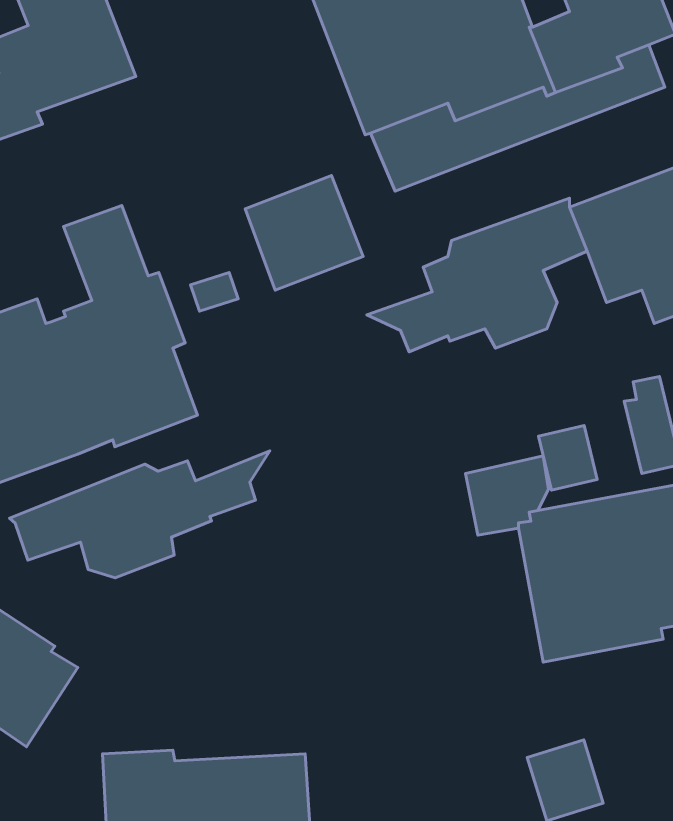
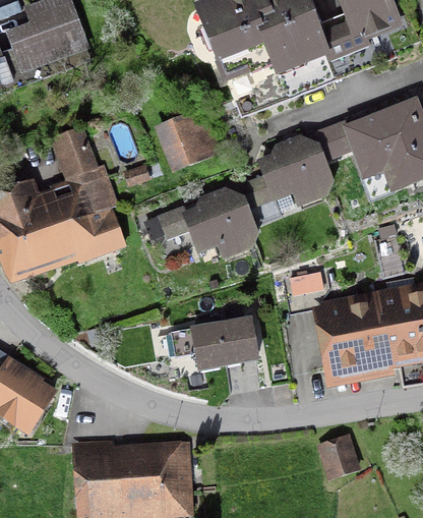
building: none -> [144,186,258,257]
building: [538,425,597,490] -> none
building: [10,451,270,578] -> none
building: none -> [170,315,258,371]

